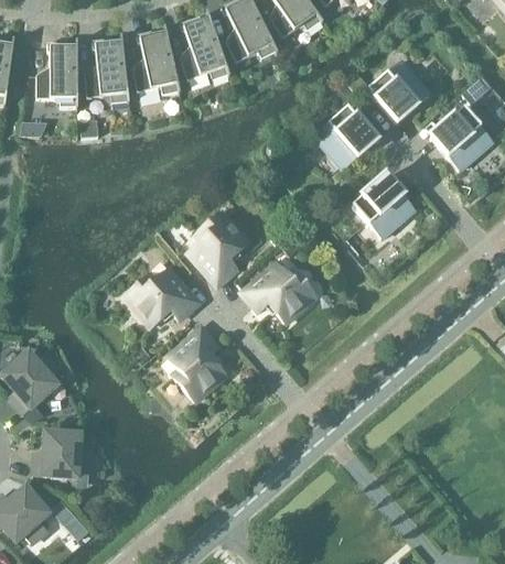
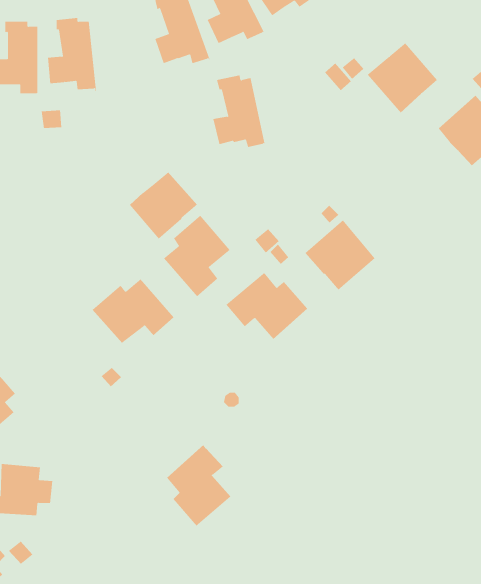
building: [132,29,180,93] -> [213,75,266,147]
building: [314,106,377,169] -> none
building: none -> [129,172,198,239]
building: [352,174,415,237] -> [304,219,376,291]
building: [168,327,225,400] -> [166,444,231,527]

